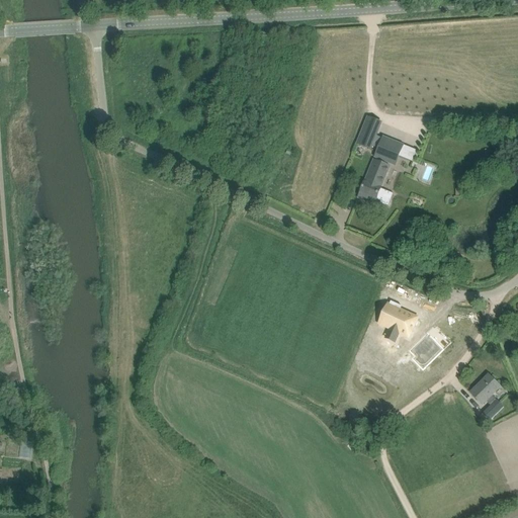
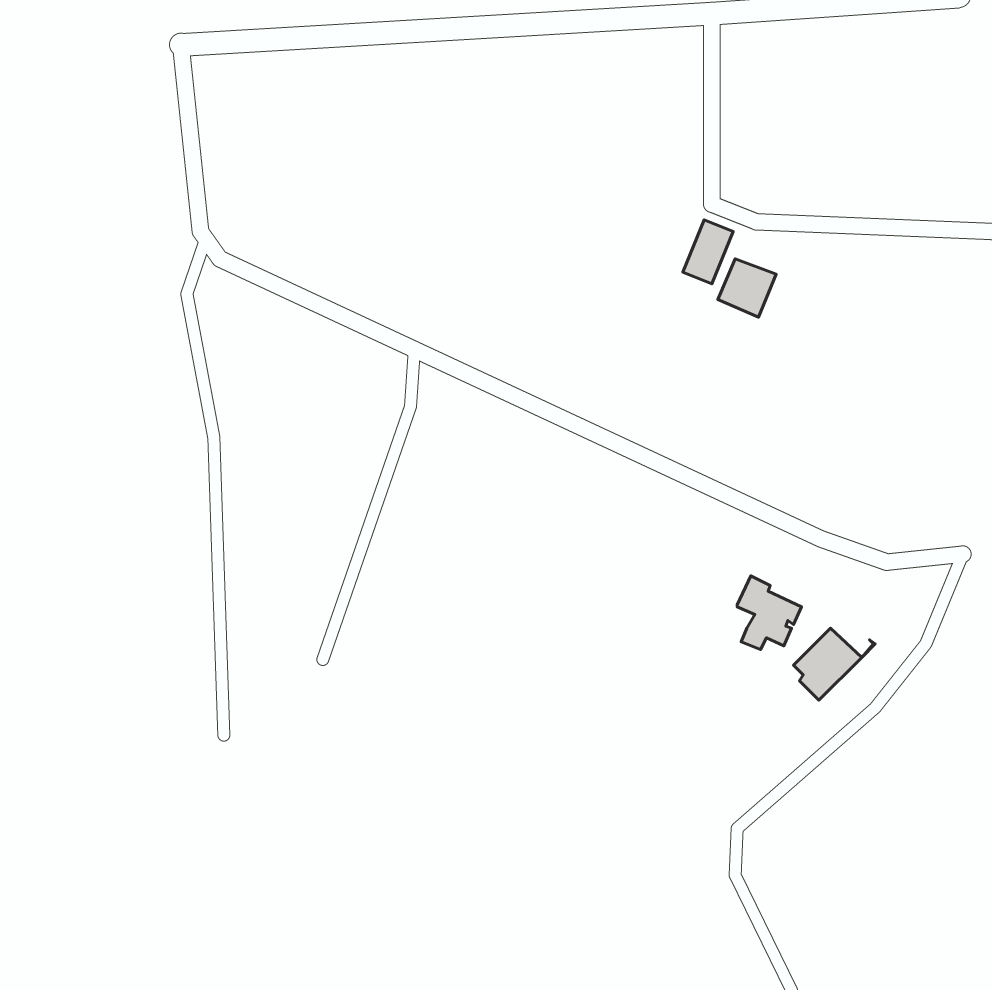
building: [357,157,392,204] -> none
building: [469,373,502,420] -> none

